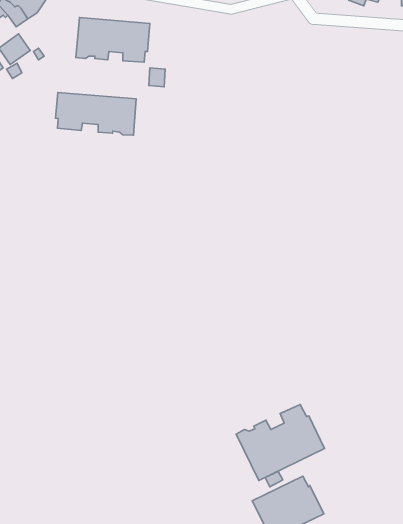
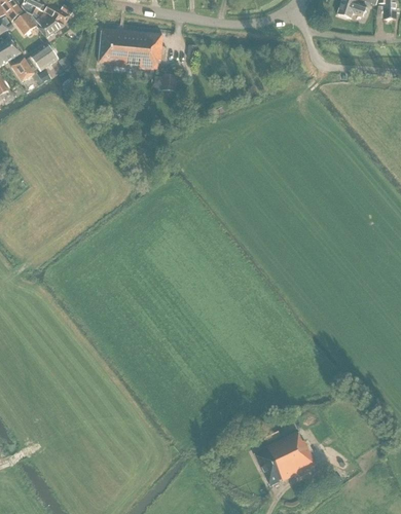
building: [56,92,136,135] -> none
building: [236,404,325,480] -> none

